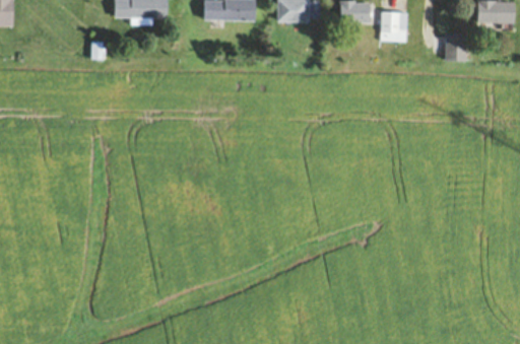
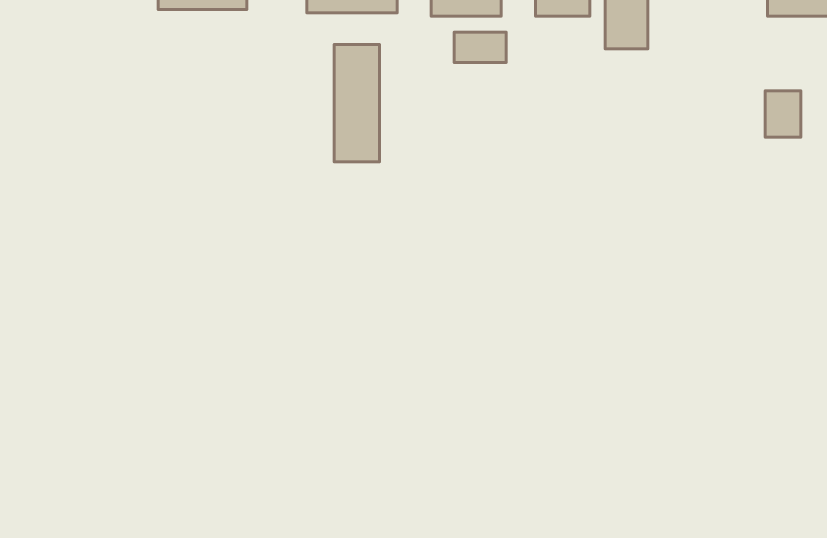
building: none -> [454,32,506,63]
building: [445,33,466,61] -> [765,91,801,137]
building: none -> [334,45,379,162]

